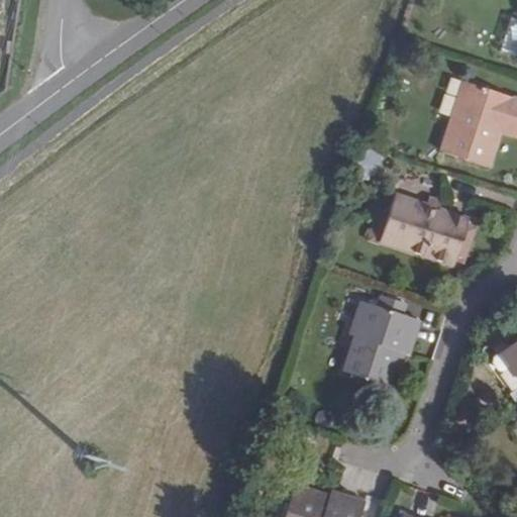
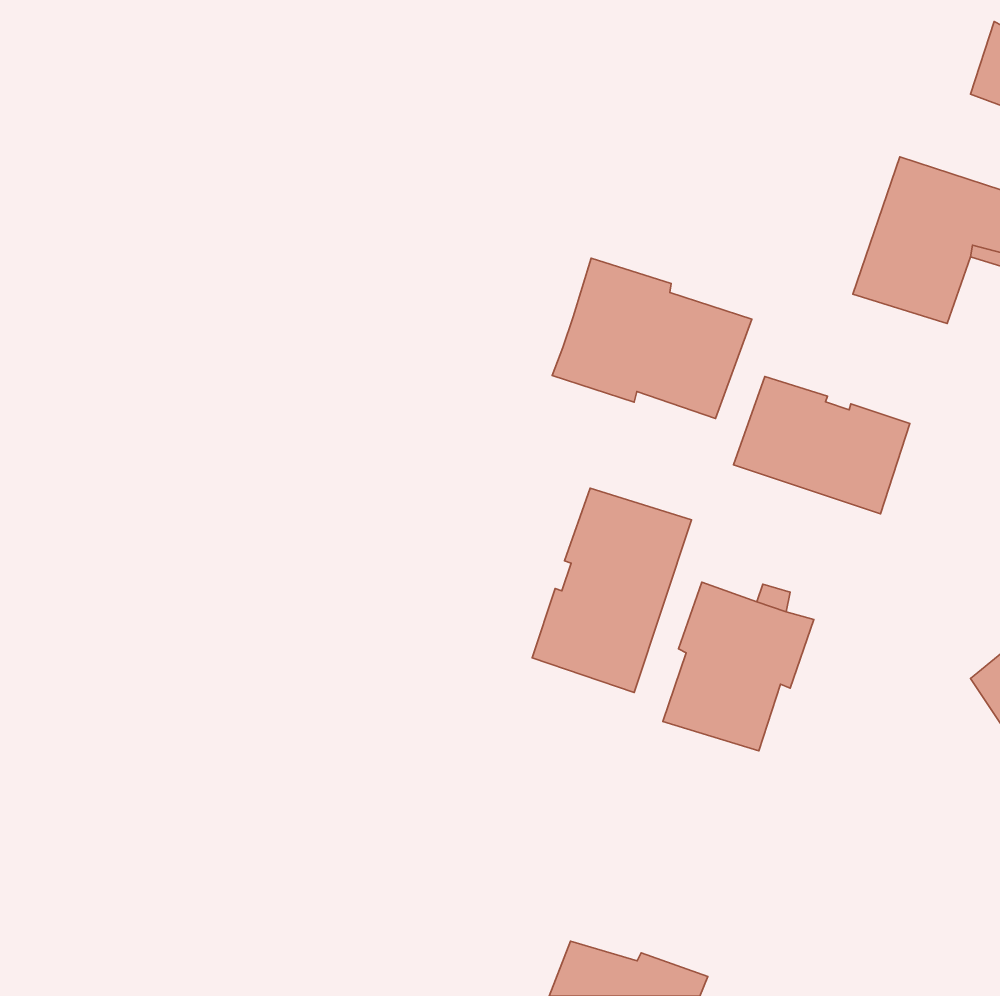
building: none -> [552,258,752,418]
building: none -> [532,488,692,692]

